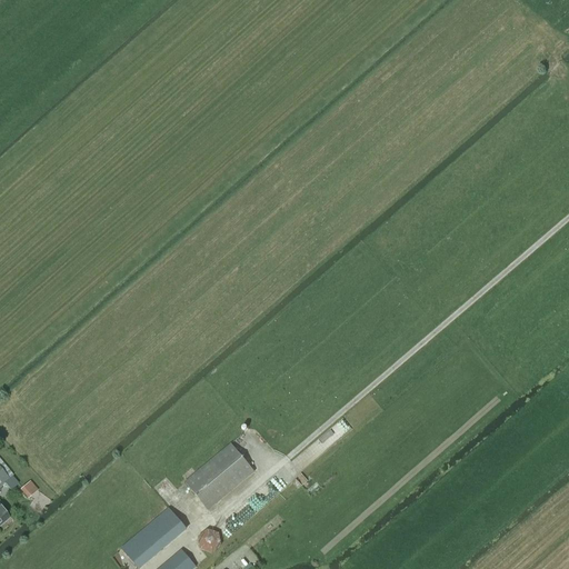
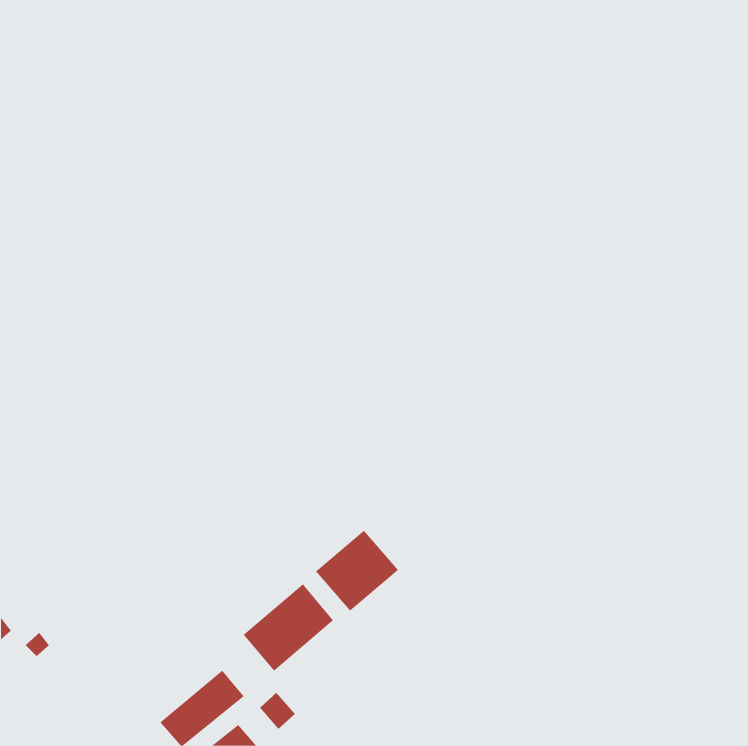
building: none -> [315,530,399,612]

